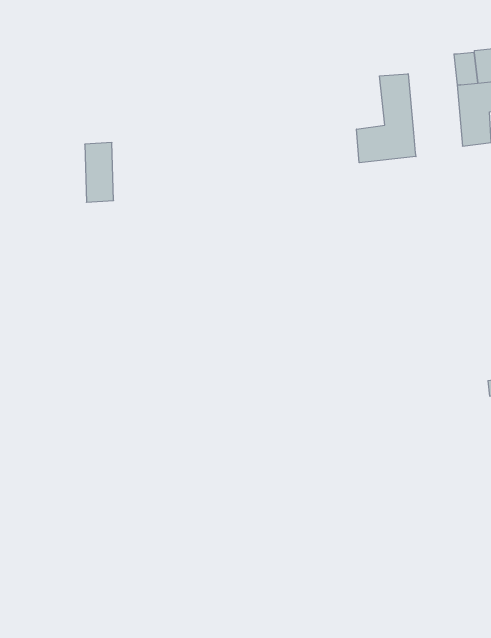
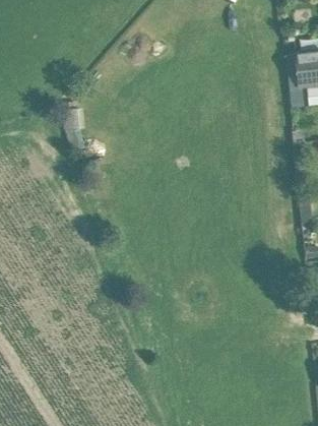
building: [357,74,416,163] -> none

